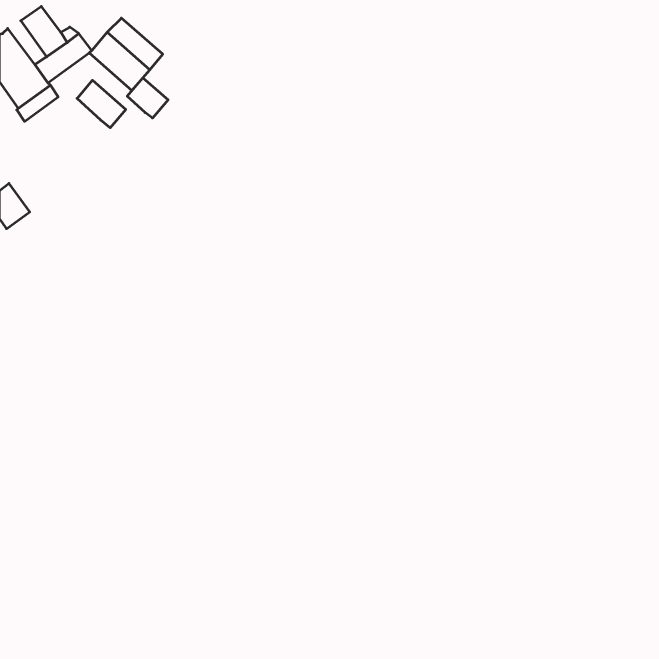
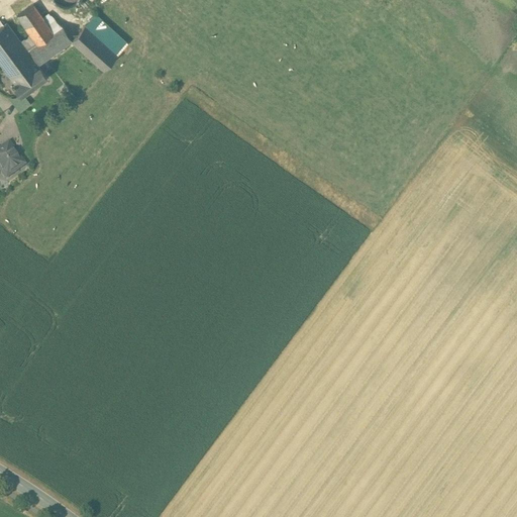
building: [127,78,168,118] -> none
building: [77,80,126,128] -> none

